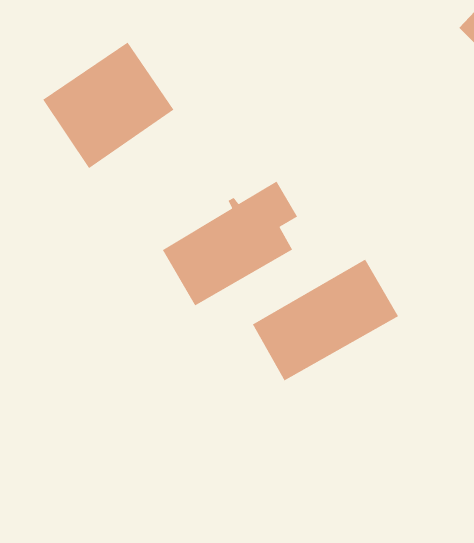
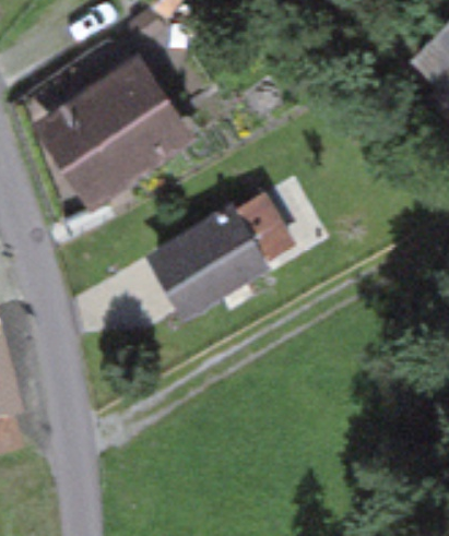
building: [252,259,399,382] -> none

